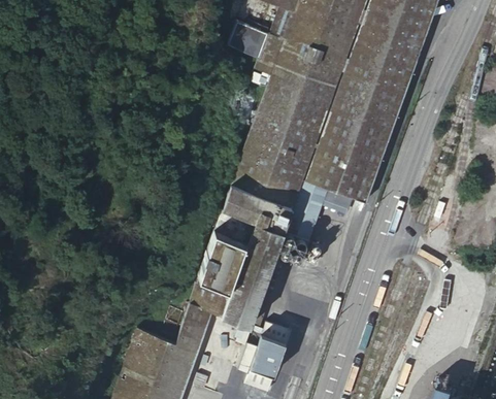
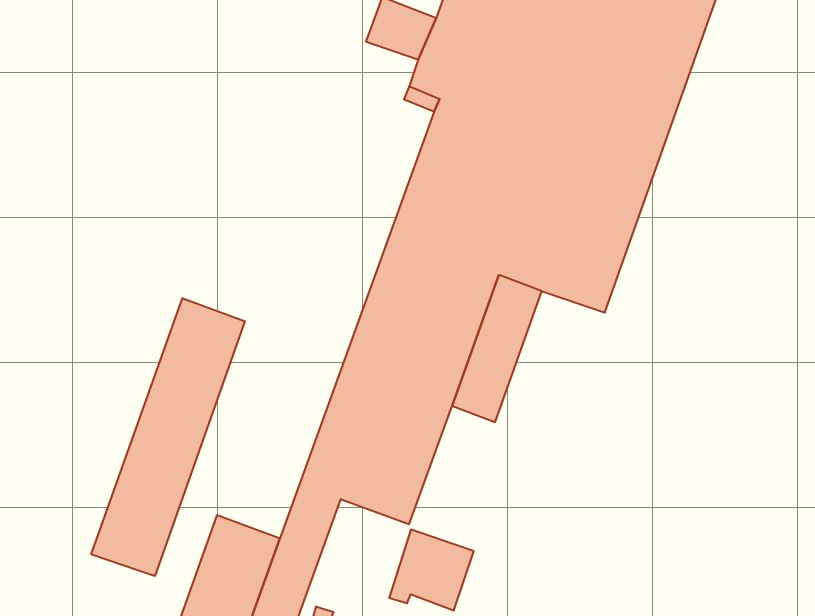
building: none -> [91,298,245,576]

